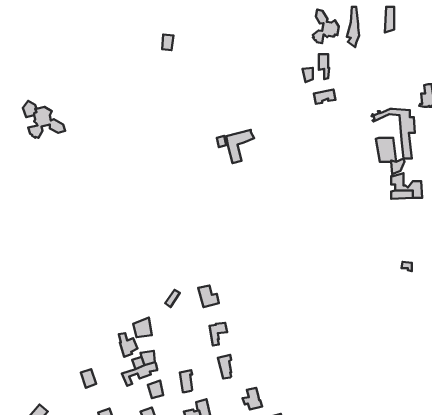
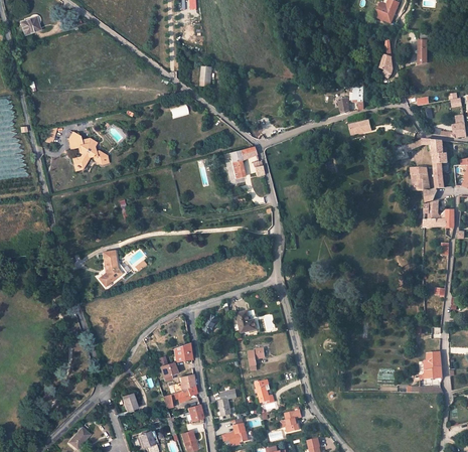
building: [313,10,339,43] -> none
building: [226,130,254,163] -> [229,146,257,178]
building: none -> [100,252,121,286]
building: none -> [423,350,443,379]

